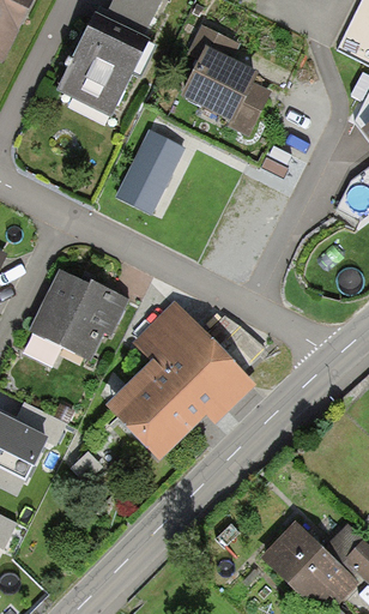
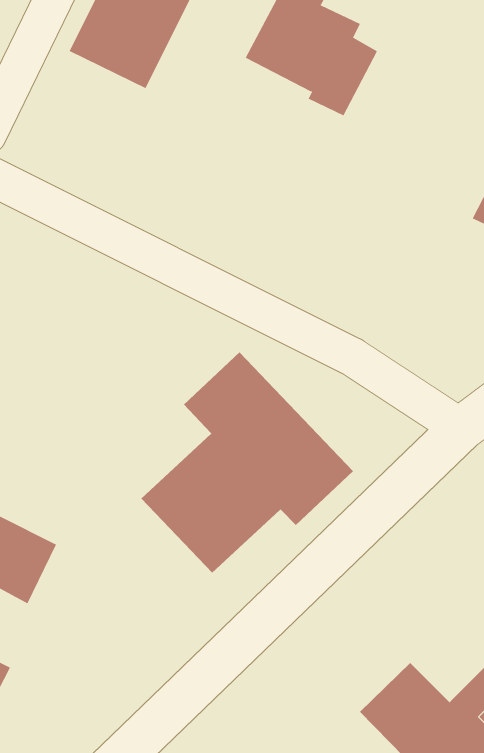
building: [117,127,187,212] -> none
building: [29,267,128,359] -> none

